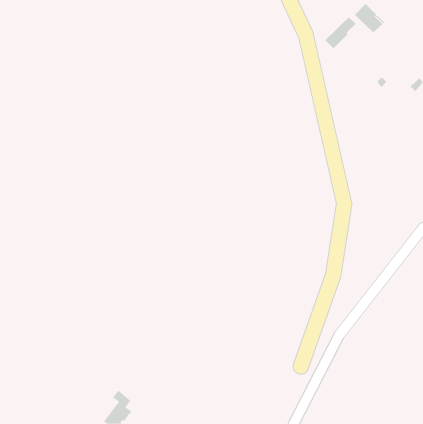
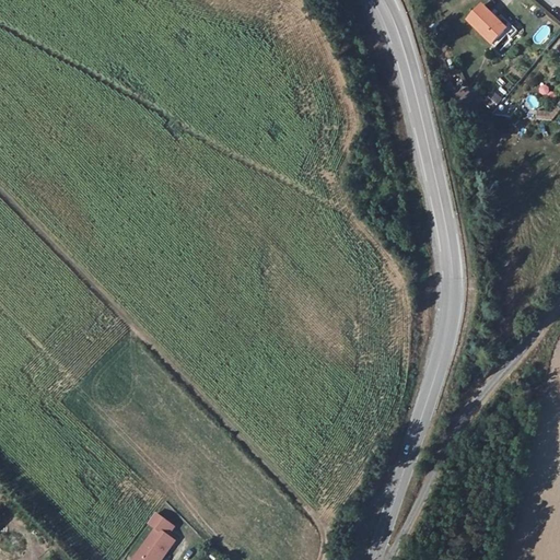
building: [324,16,357,49] -> none

